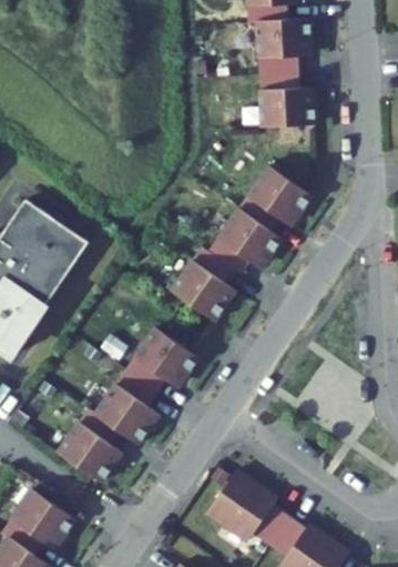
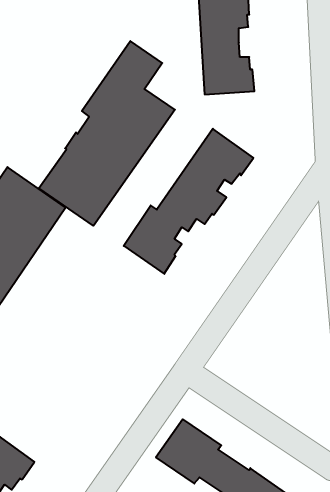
building: none -> [39,41,175,226]
building: [58,324,198,480] -> none

